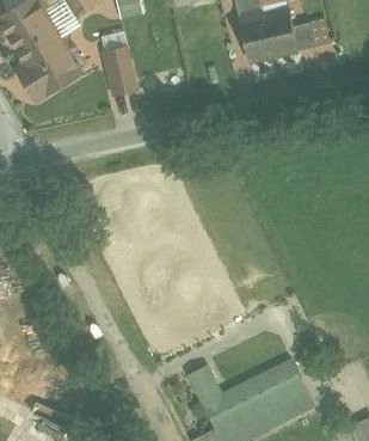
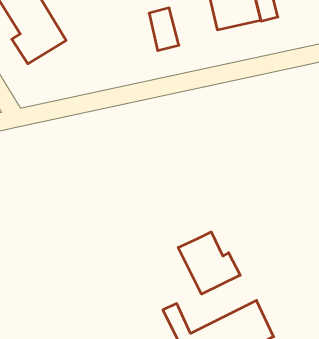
building: [104,47,137,94] -> [149,8,179,51]
building: none -> [178,232,240,294]

